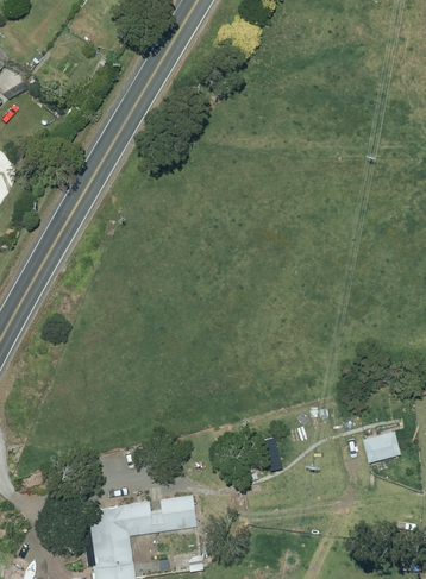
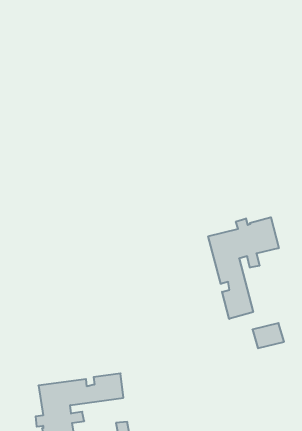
building: none -> [208,217,279,319]

